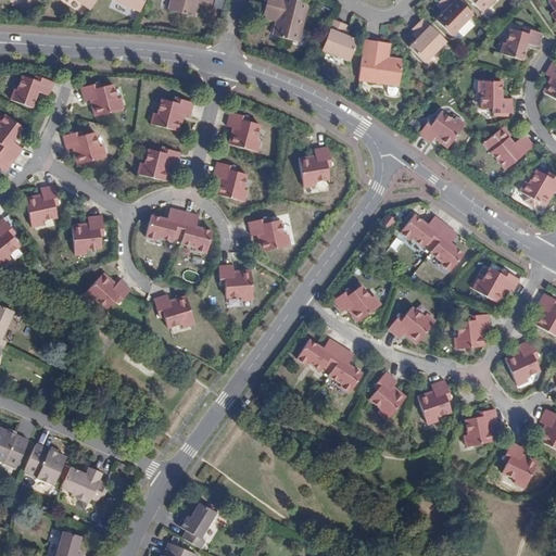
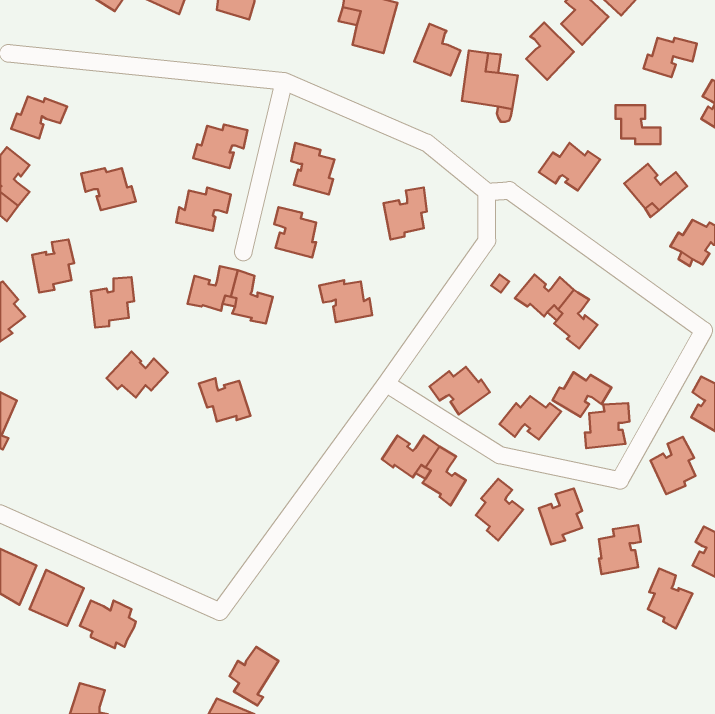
building: [79,83,122,116] -> none
building: [218,263,253,298] -> none
building: [473,266,519,301] -> [553,372,611,417]

